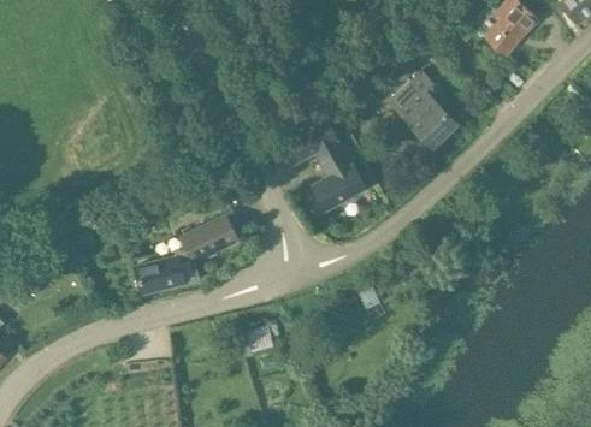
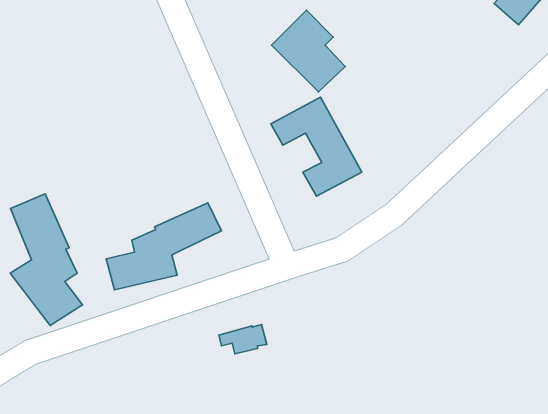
building: [390,72,456,146] -> [272,10,345,92]
building: none -> [10,194,82,325]

